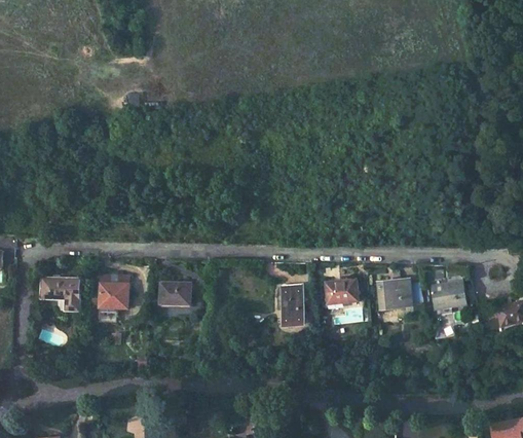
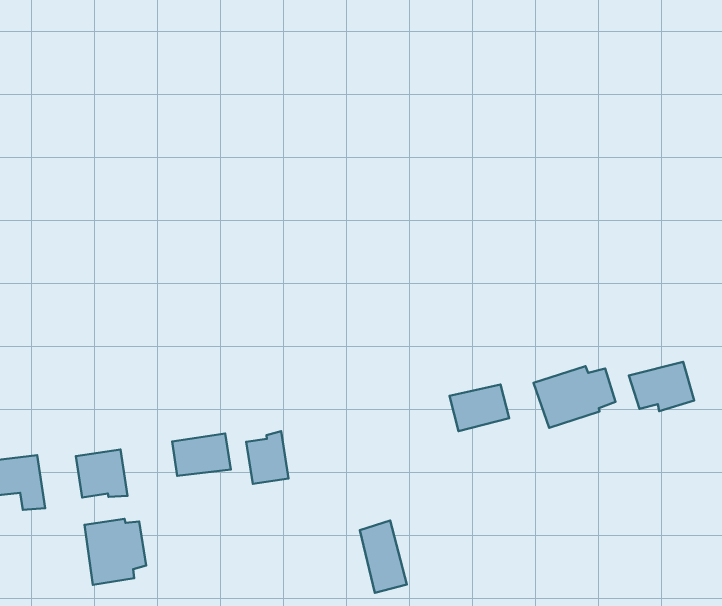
building: [279,283,302,324] -> [360,520,407,593]
building: none -> [246,431,289,484]
building: none -> [84,519,146,585]

